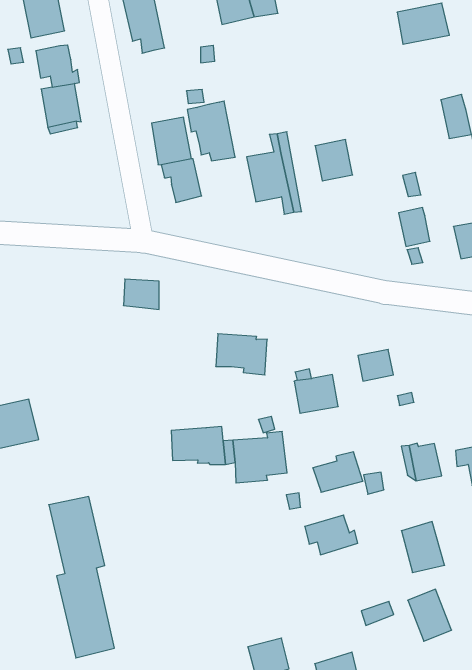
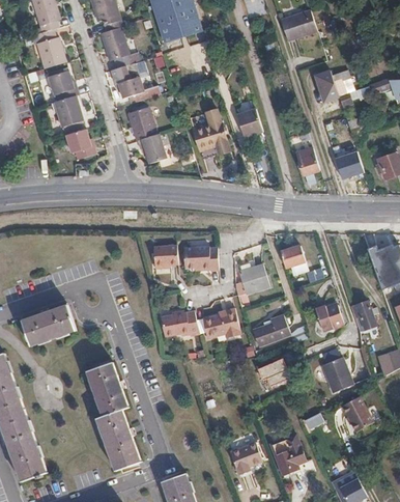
building: [187,101,235,161] -> [109,60,144,101]
building: none -> [63,126,93,156]
building: [123,279,159,309] -> [154,246,179,264]

